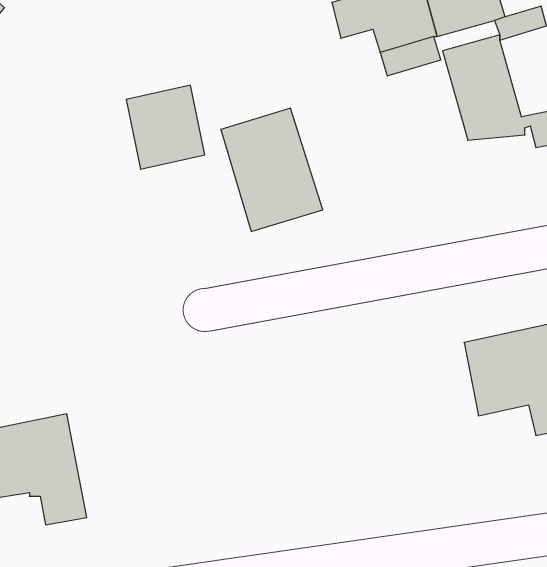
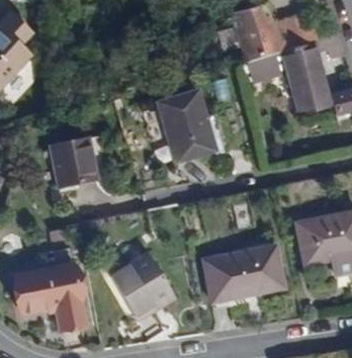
building: [126,85,205,169] -> [52,139,96,186]
building: none -> [203,246,282,301]
building: none -> [110,254,174,316]

